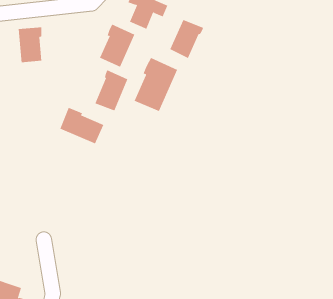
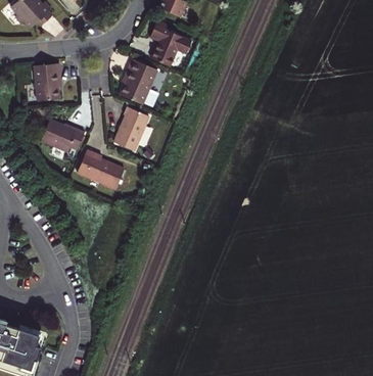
building: [169,19,204,59] -> none
building: [134,57,178,112] -> none
building: none -> [40,118,84,150]

